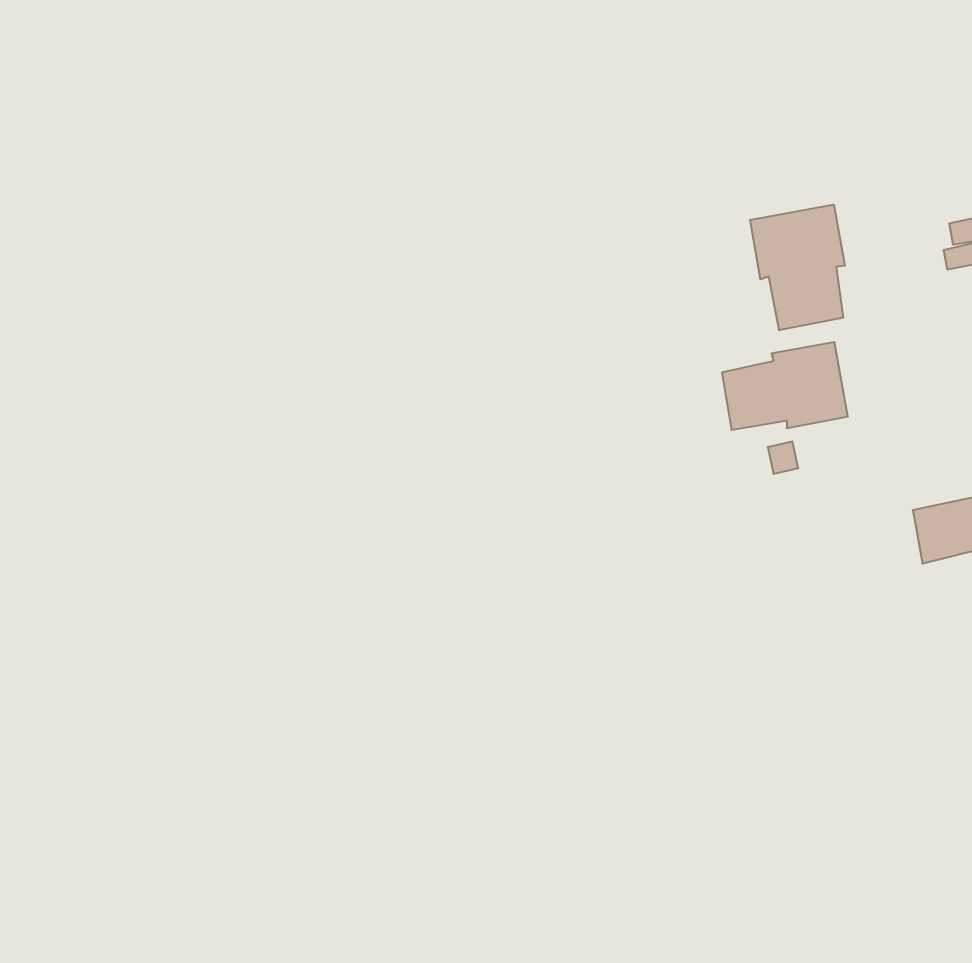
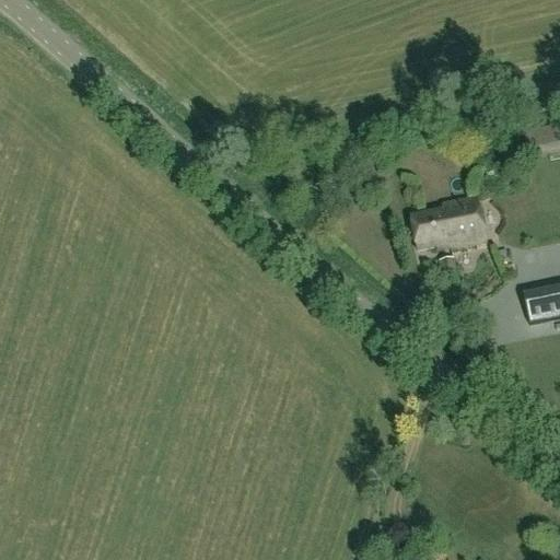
building: [750,204,845,330] -> none

